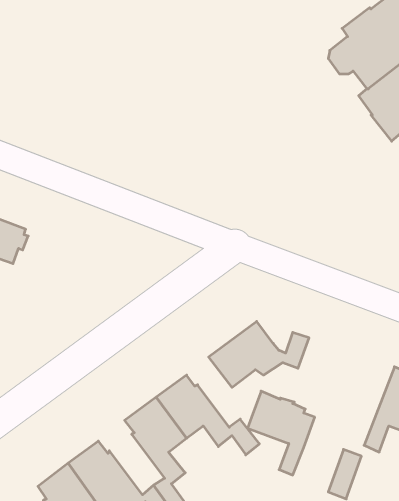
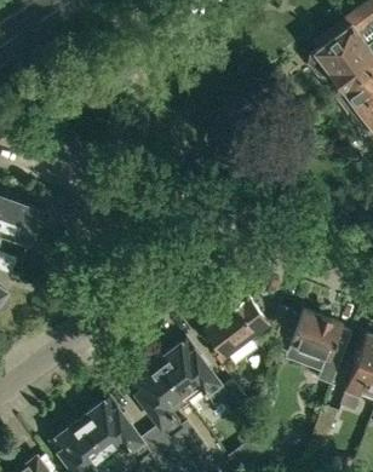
building: [247,391,315,475] -> [291,310,350,384]

